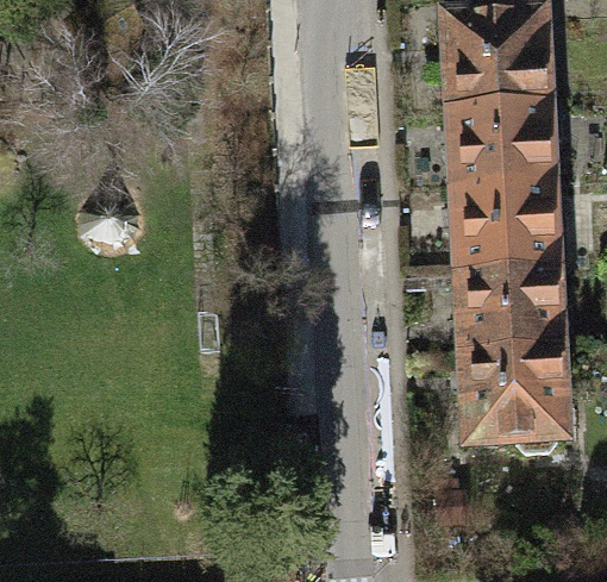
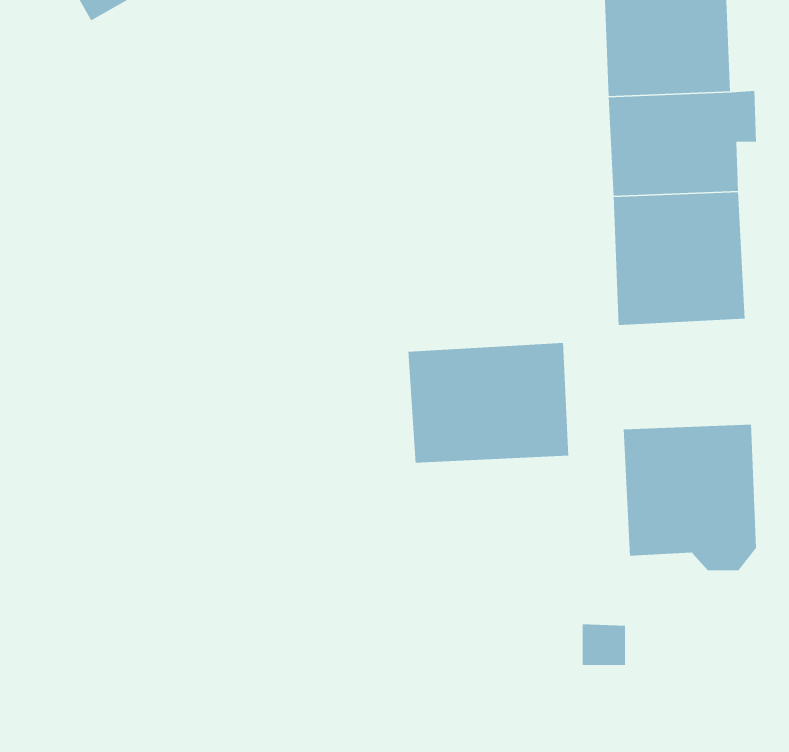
building: [457,255,565,334] -> none
building: none -> [407,342,569,464]

